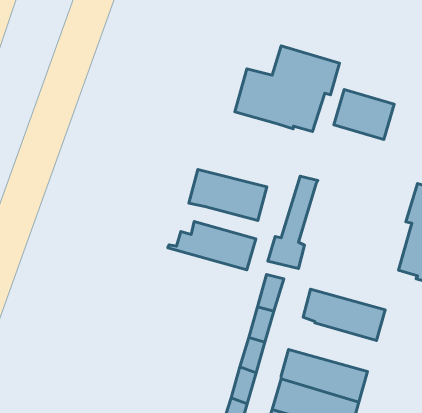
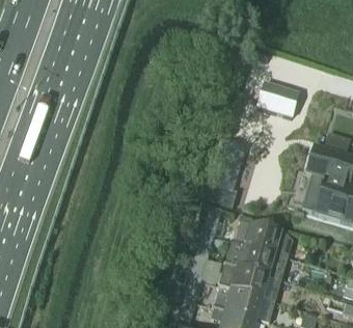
building: [235,46,339,132] -> none
building: [189,169,267,220] -> none
building: [168,221,256,270] -> [224,245,287,279]

